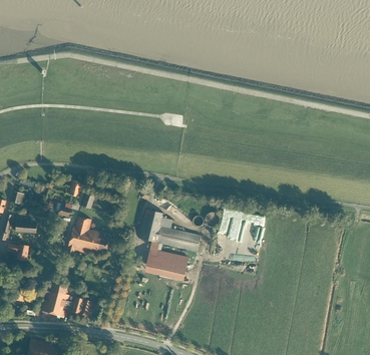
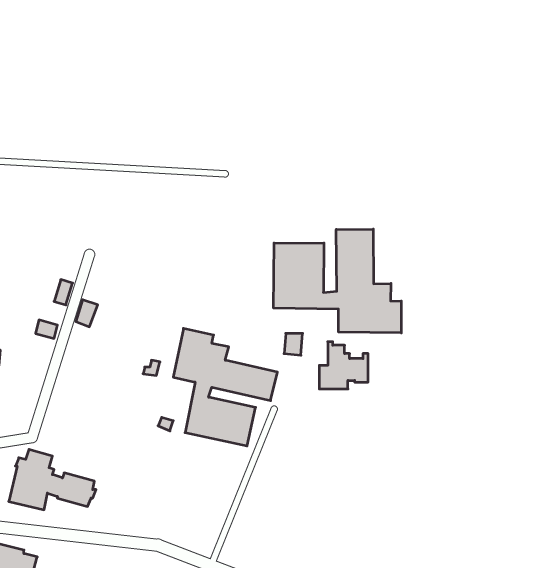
building: none -> [274,229,401,333]
building: [67,217,111,254] -> none

